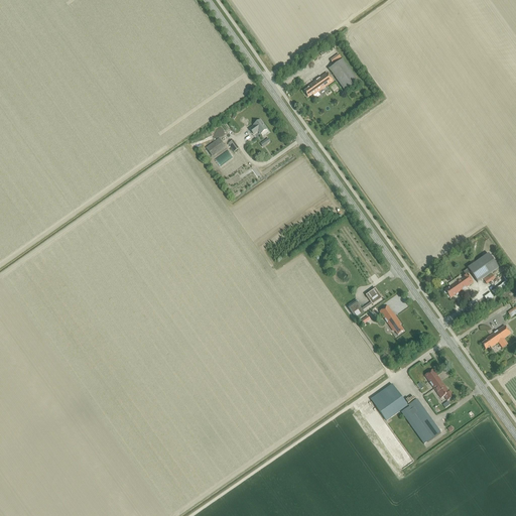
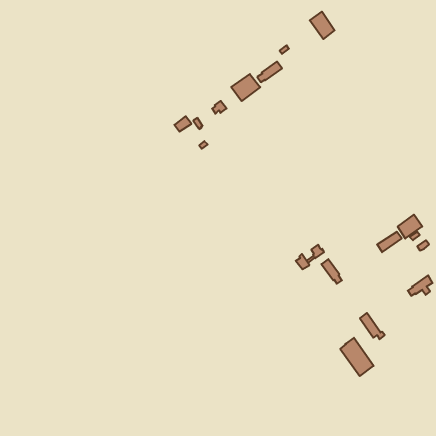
building: [330,58,359,91] -> [310,12,335,39]
building: none -> [231,74,260,101]
building: [372,384,409,421] -> none

